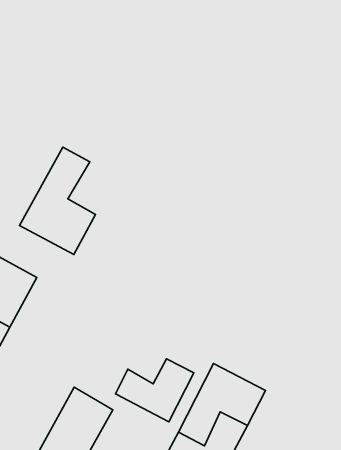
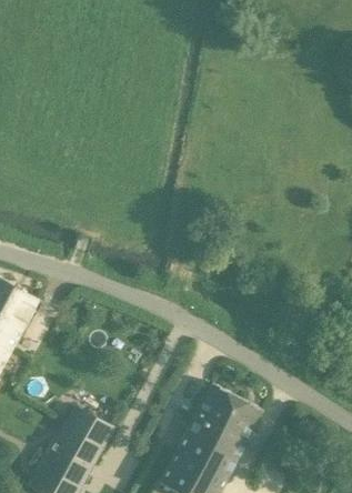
building: [20,147,96,255] -> none
building: [115,359,194,422] -> none

